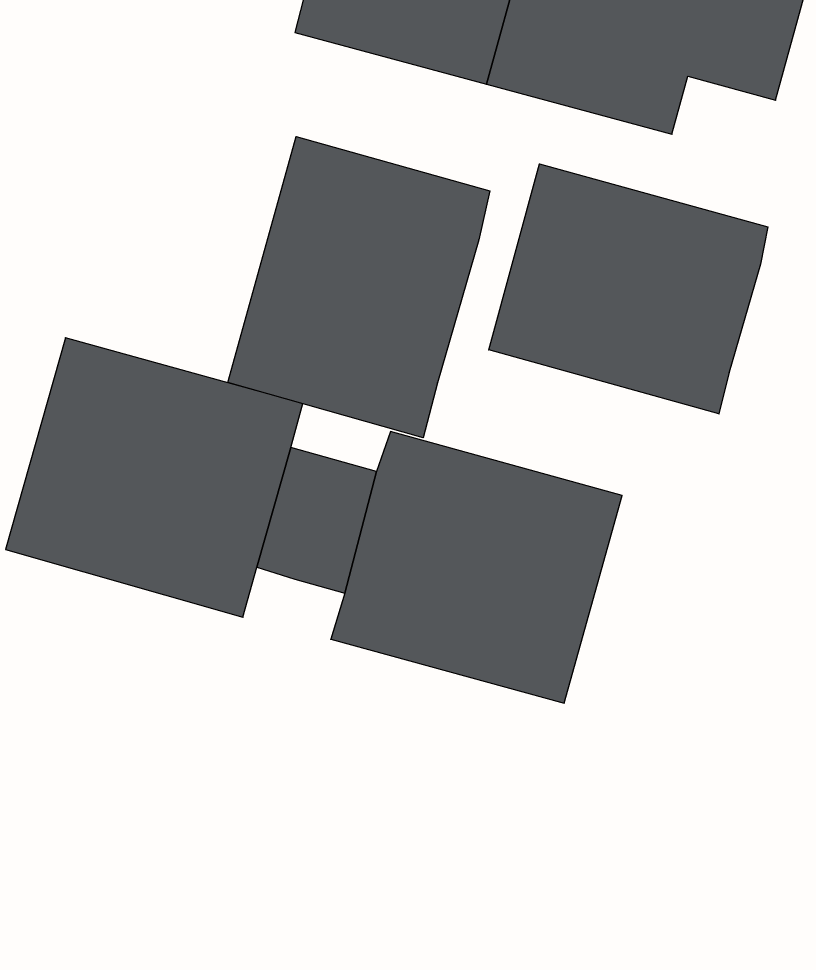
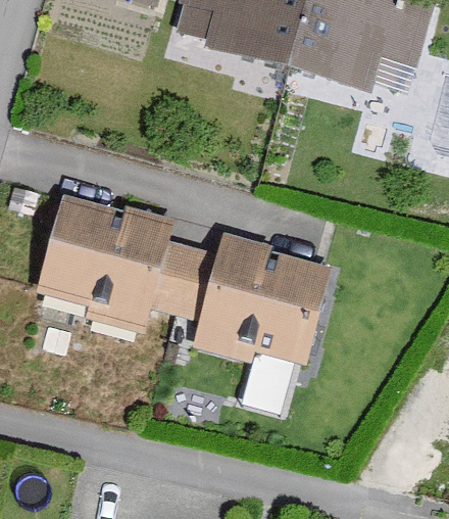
building: [228,137,490,438] -> none
building: [489,164,768,414] -> none

